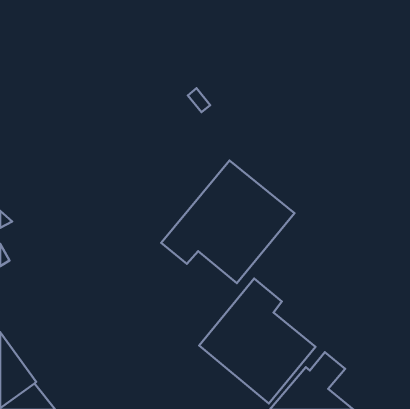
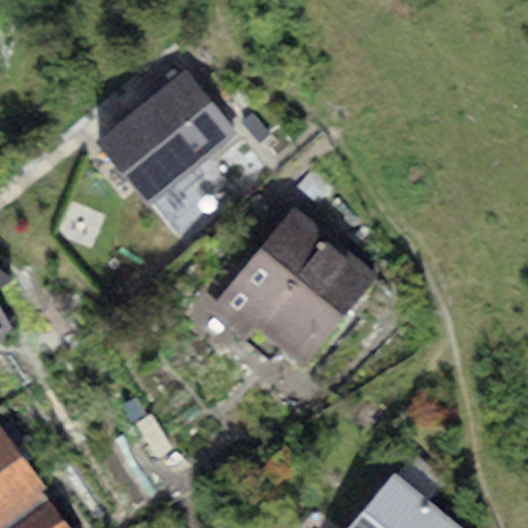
building: none -> [98,72,233,202]
building: [199,279,315,404] -> none

